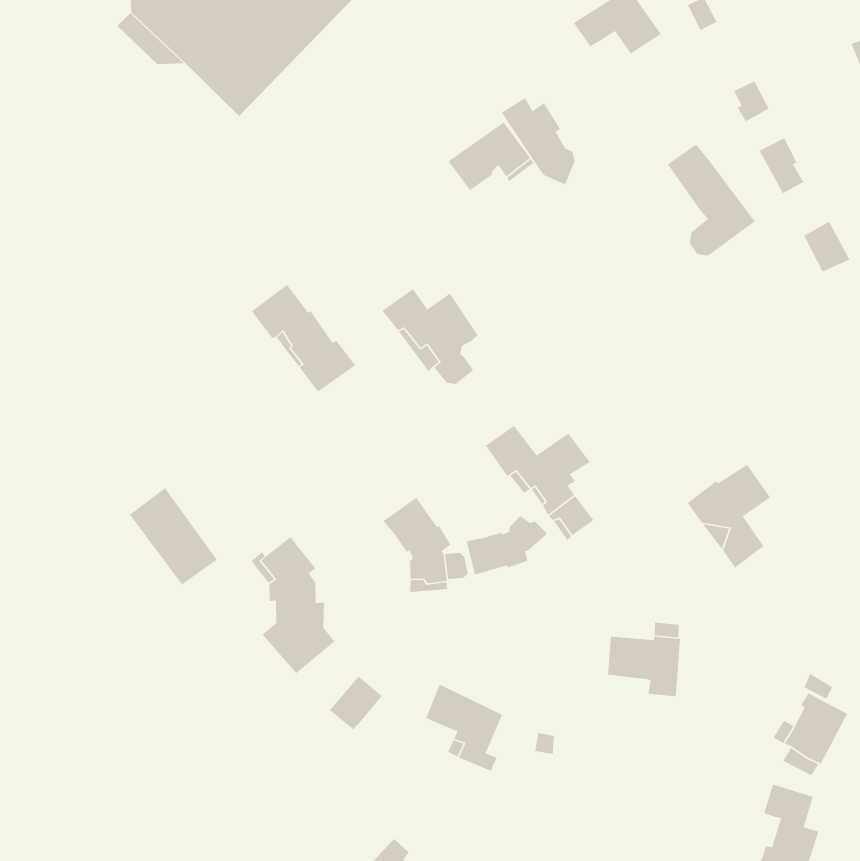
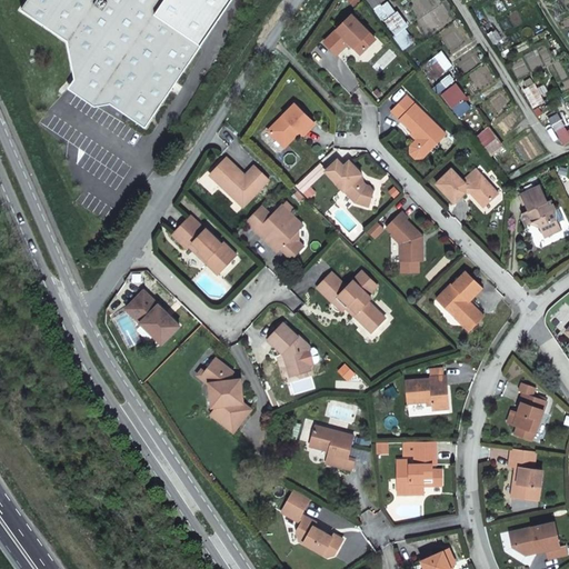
building: [501,97,575,185] -> [325,160,371,206]
building: none -> [211,158,268,207]
building: none -> [435,168,497,202]
building: none -> [385,212,421,262]
building: [129,487,218,585] -> [124,290,179,343]
building: [466,515,548,575] -> none
building: [329,676,383,730] -> [280,489,309,520]
building: none -> [396,441,441,493]

